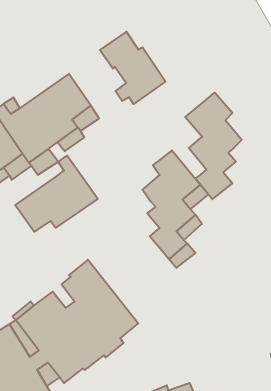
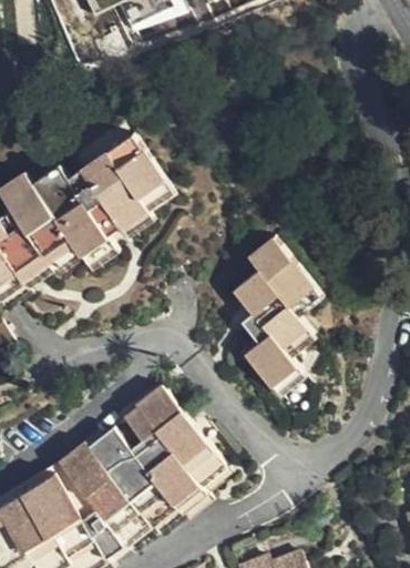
building: [100,32,165,104] -> none
building: [185,93,242,199] -> none
building: [15,156,98,232] -> none

